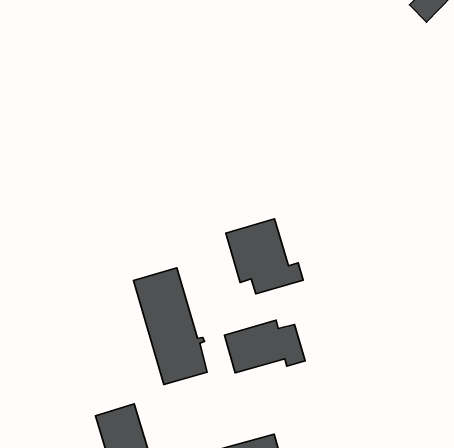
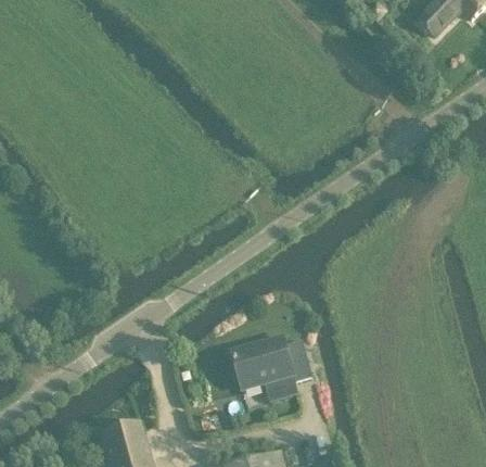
building: [226,219,303,294] -> none
building: [134,268,207,385] -> none

